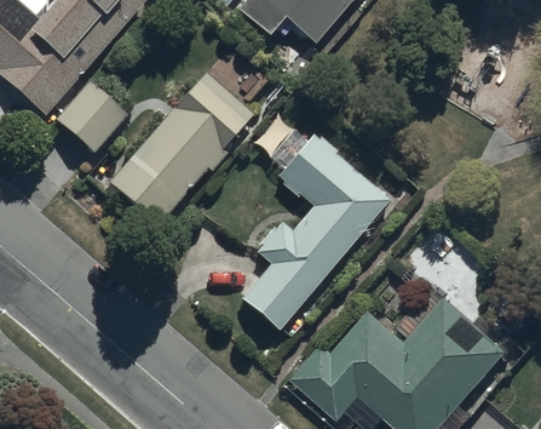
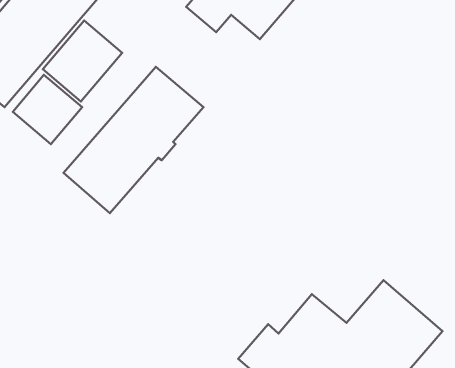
building: none -> [43,21,122,102]
building: [240,132,387,328] -> none

